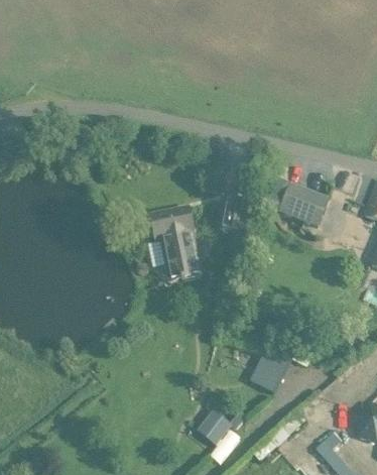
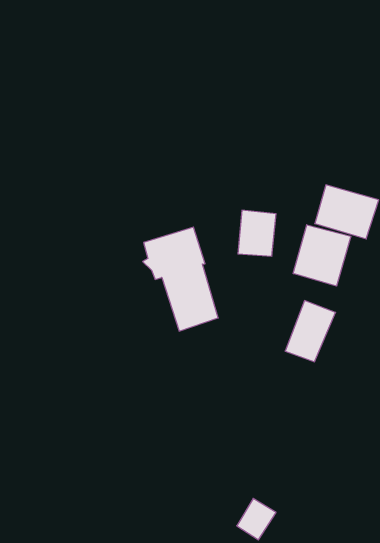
building: none -> [293,225,351,286]
building: [252,345,292,391] -> [285,301,336,362]

